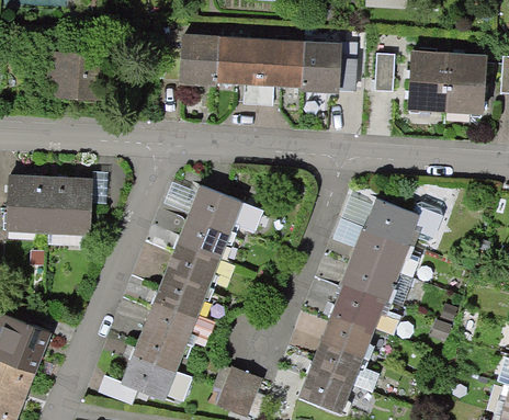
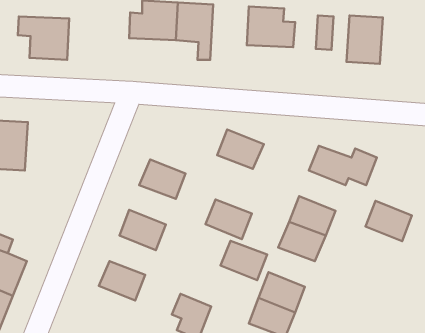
building: [257,42,299,104] -> none
building: [445,56,485,110] -> none
building: [50,172,94,228] -> none
building: [190,185,241,229] -> [217,129,264,169]
building: [355,226,407,271] -> [366,201,412,241]
building: [167,242,218,286] -> [205,200,252,239]
building: [145,298,196,342] -> none
building: [321,311,373,355] -> [221,241,267,280]
building: [122,354,173,399] -> none

